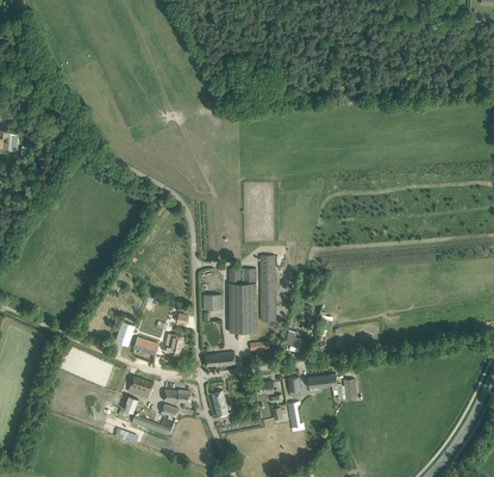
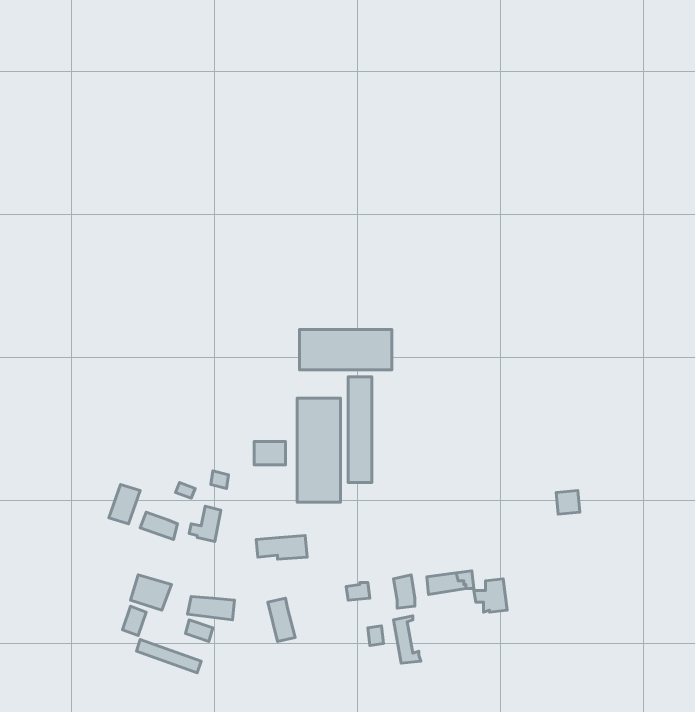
building: none -> [299,329,392,370]

